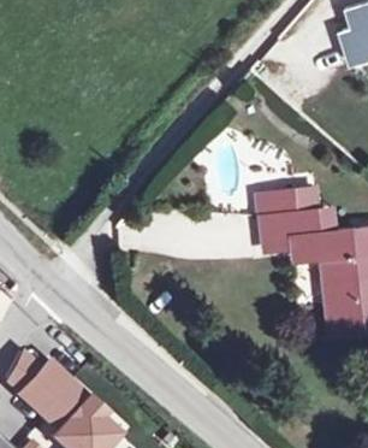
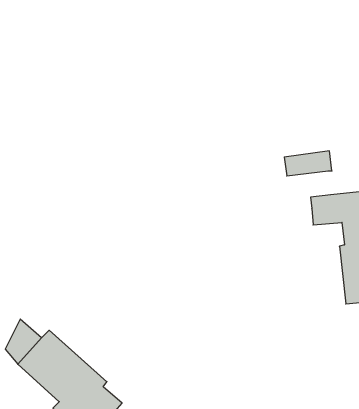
building: [257,195,317,249] -> none

